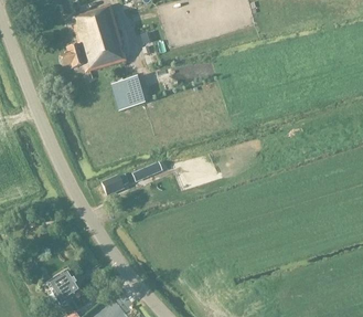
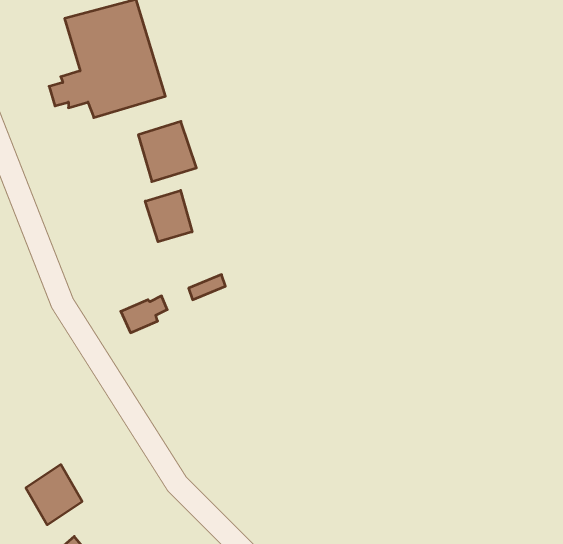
building: none -> [145,190,192,242]

